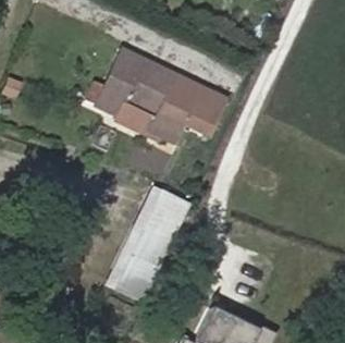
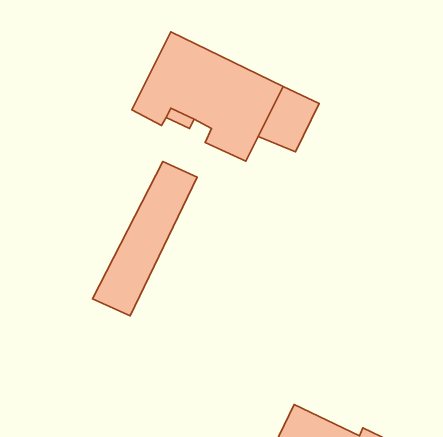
building: [114,192,187,299] -> [93,162,197,316]

